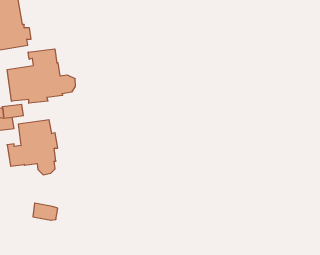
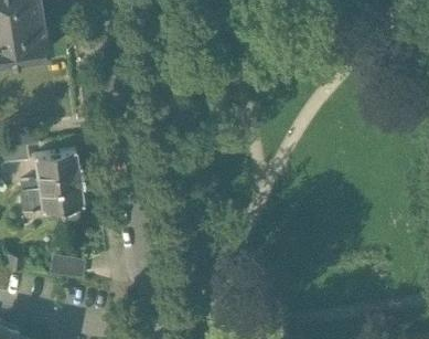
building: [7,49,75,103] -> none

